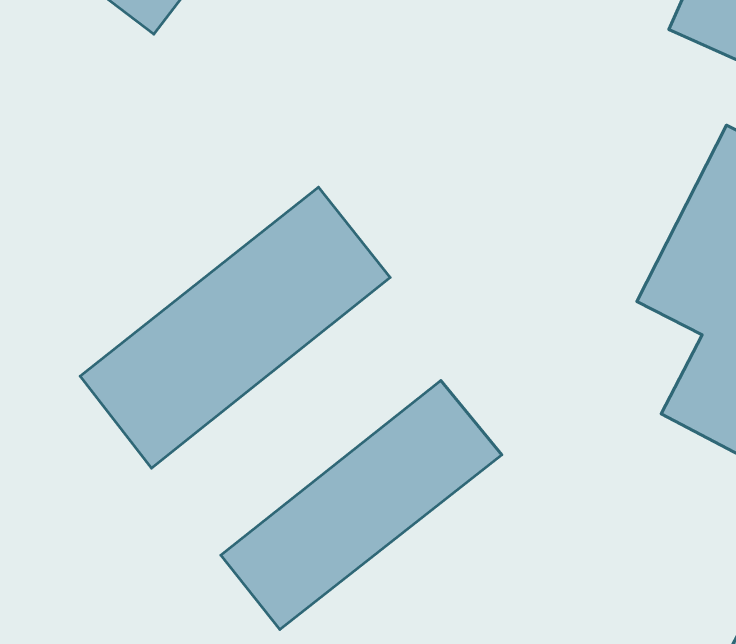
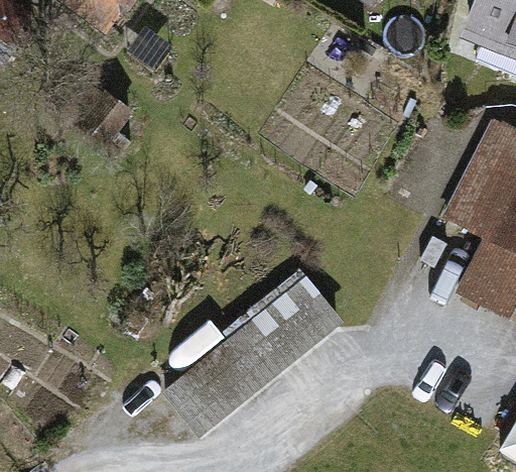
building: [80,187,390,468] -> none

